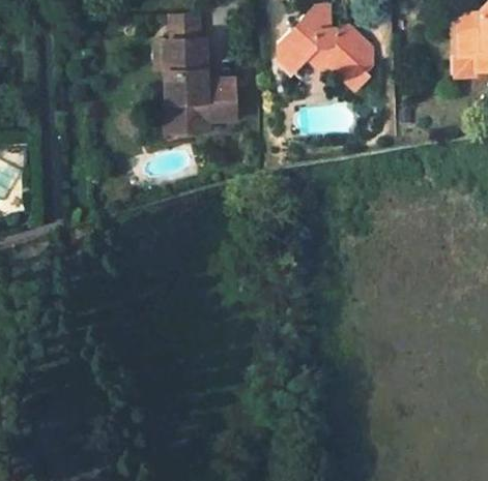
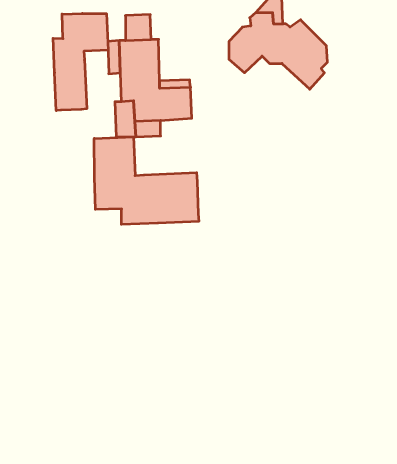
building: none -> [53,13,108,111]
building: none -> [94,137,199,224]

